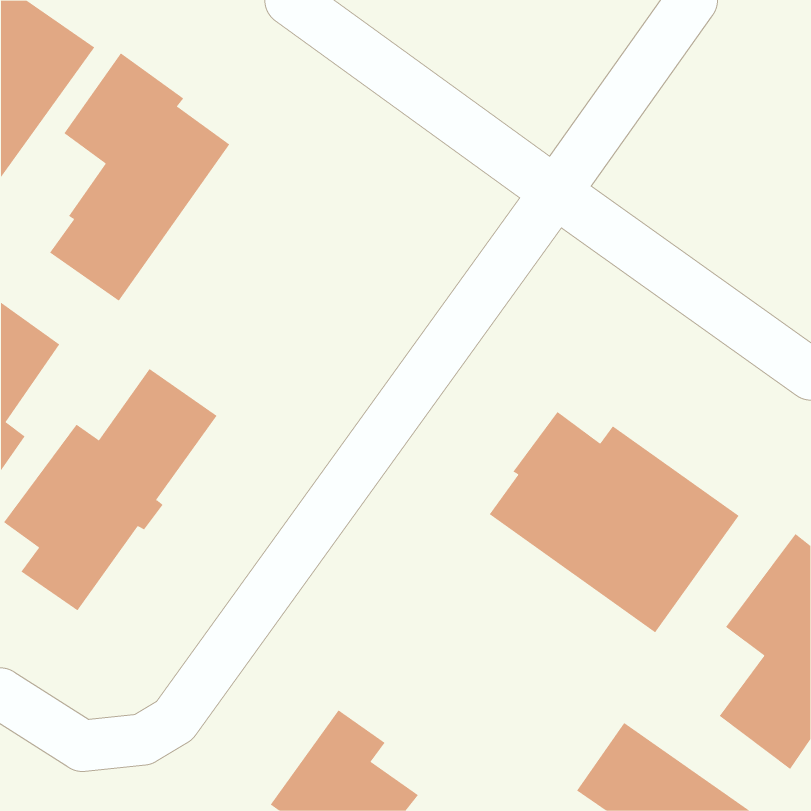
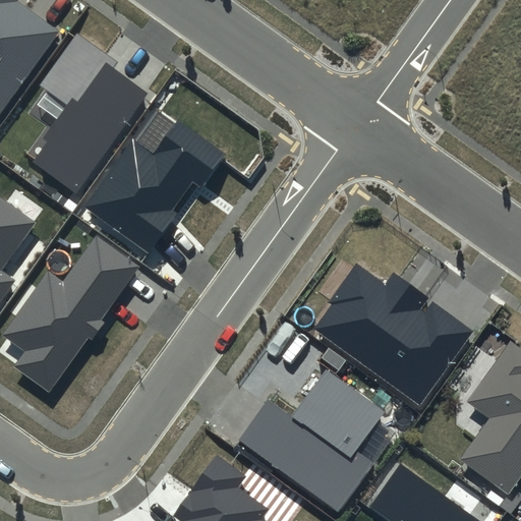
building: none -> [85,119,226,252]
building: none -> [238,369,385,512]

